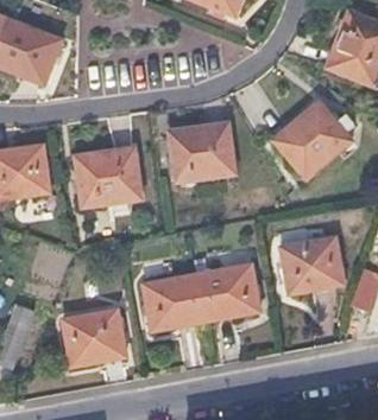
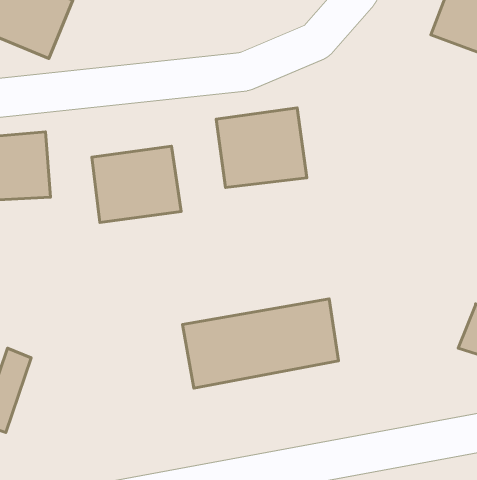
building: [276,106,355,183] -> none
building: [279,235,344,294] -> none
building: [62,312,130,373] -> none

